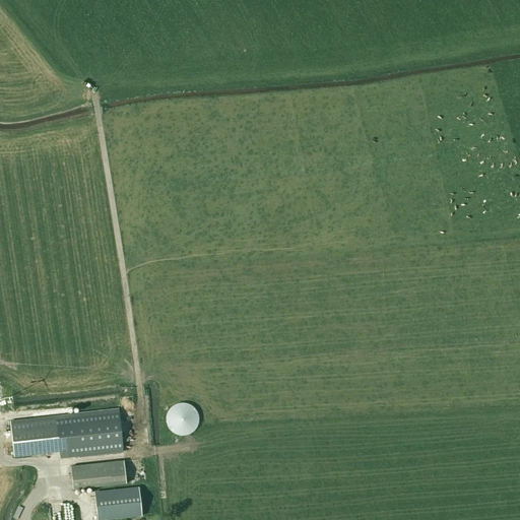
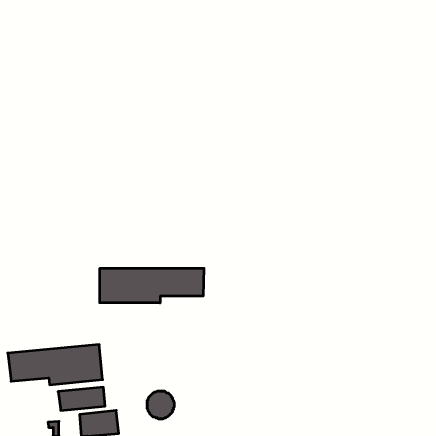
building: none -> [100,268,204,303]
building: [167,402,199,435] -> [147,391,174,419]

